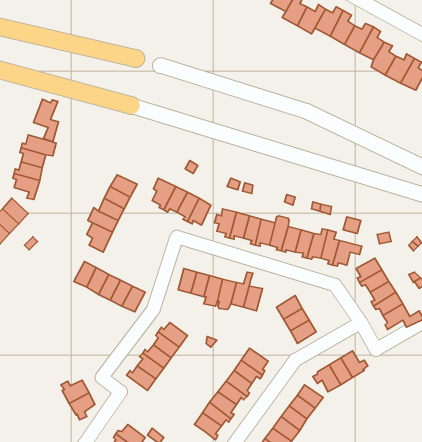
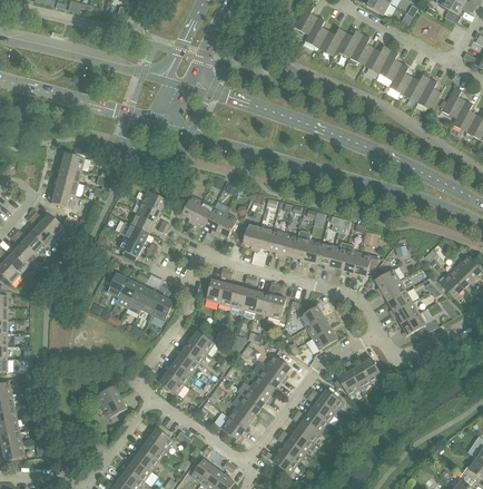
building: [34,99,59,142] -> none

